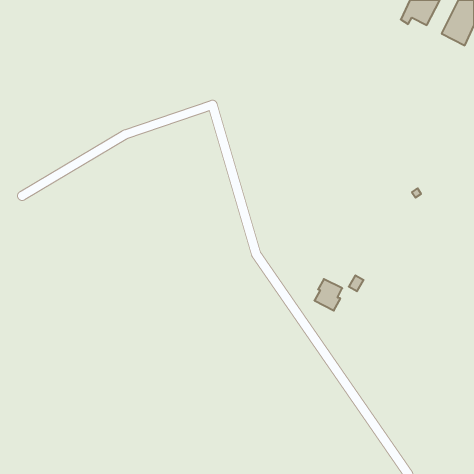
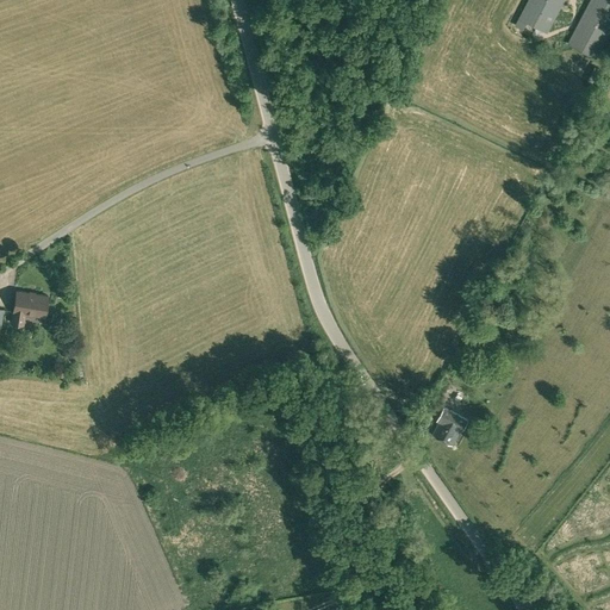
building: none -> [12,291,48,324]
building: [314,279,342,311] -> [432,406,468,447]

